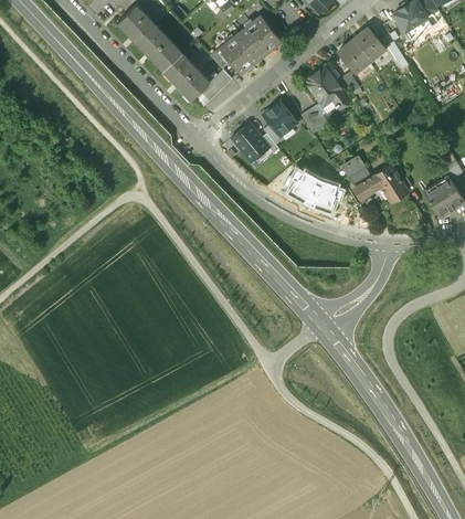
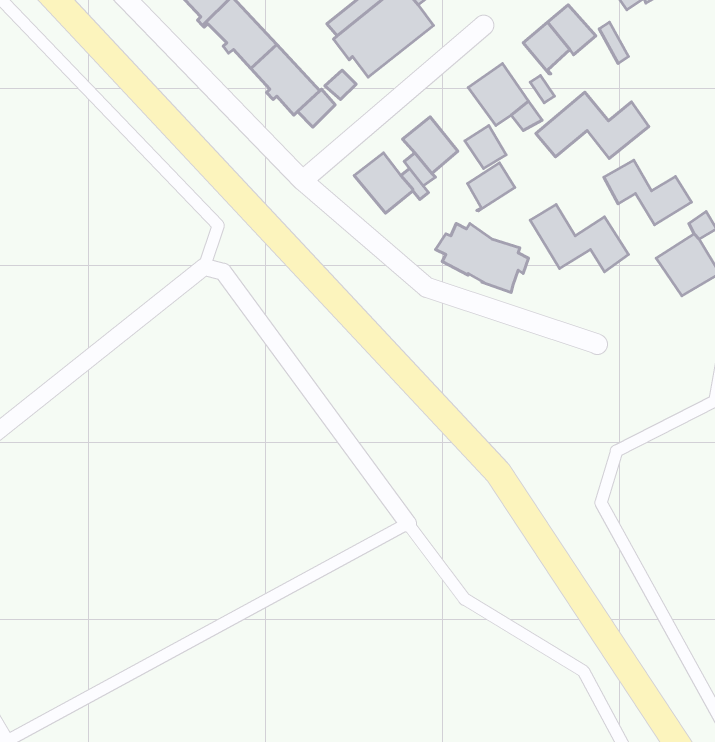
building: none -> [536,92,649,158]
building: none -> [604,160,691,225]
building: none -> [468,163,515,211]

